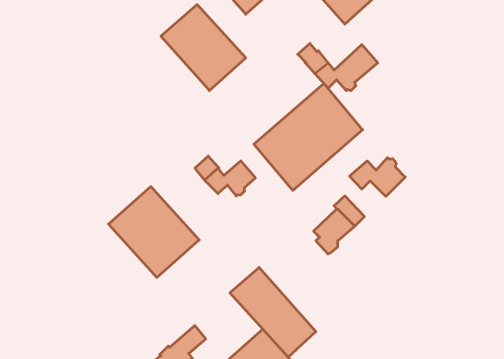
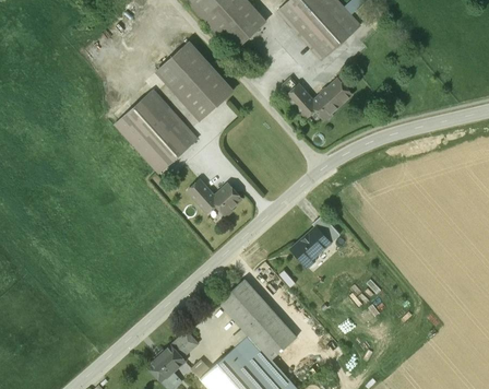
building: [254,84,363,190] -> none
building: [350,158,405,196] -> none
building: [108,187,199,277] -> [115,91,196,173]

